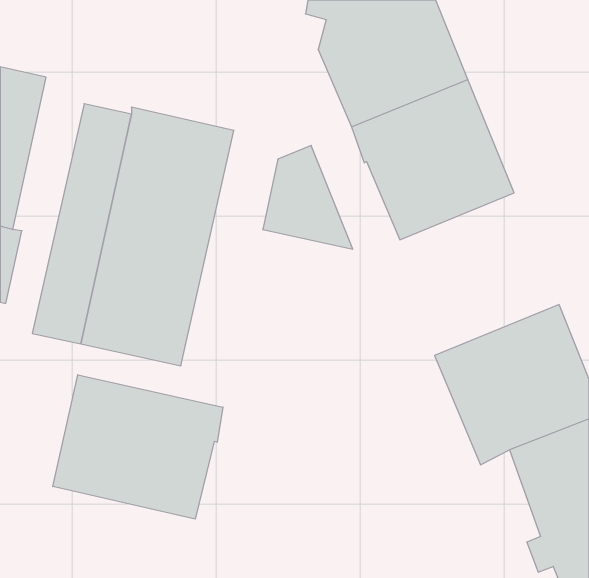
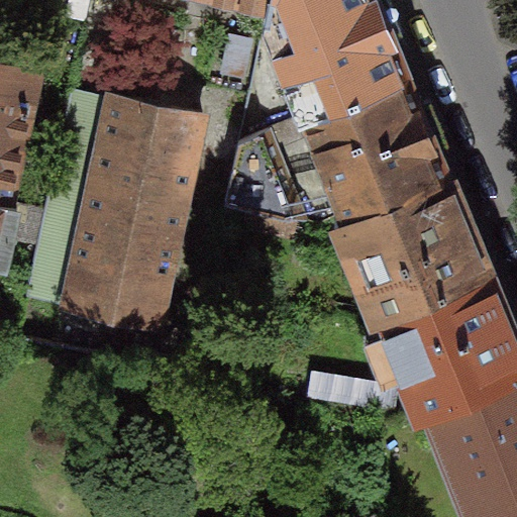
building: none -> [338,179,490,322]
building: [53,375,223,519] -> none

